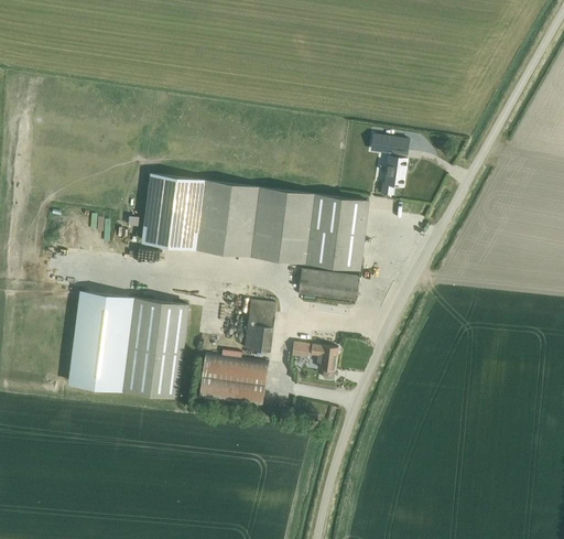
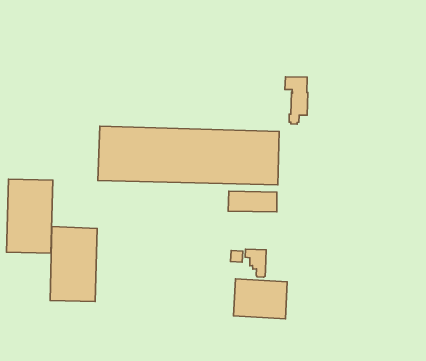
building: [243,299,276,352] -> none
building: [123,300,188,396] -> [7,179,53,253]
building: [198,353,268,408] -> [234,279,287,319]

